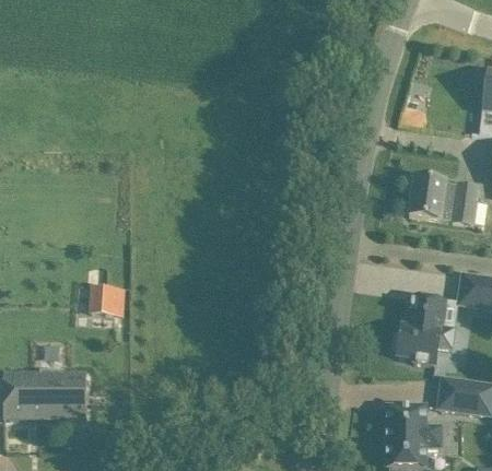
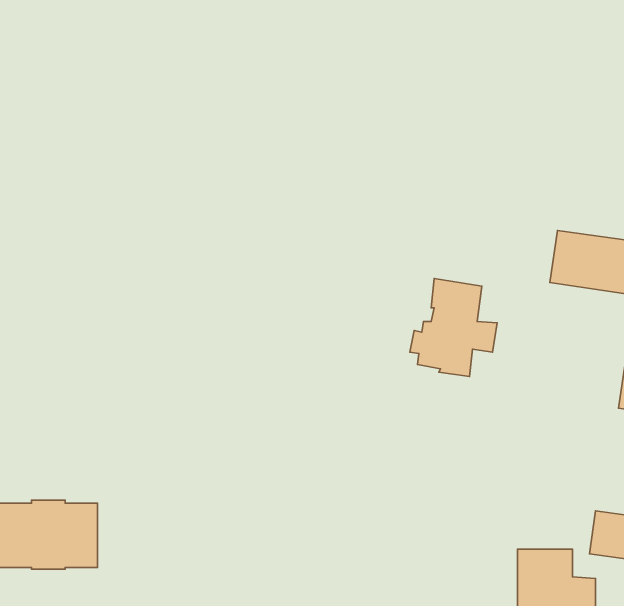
building: [90,284,119,313] -> none
building: [393,295,455,365] -> [410,279,497,377]

